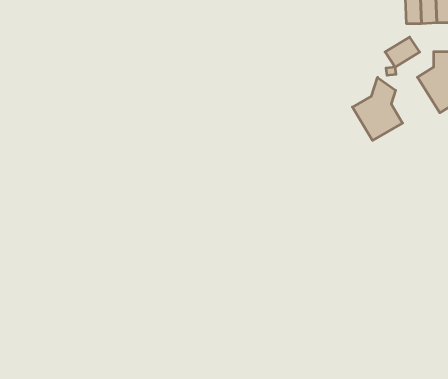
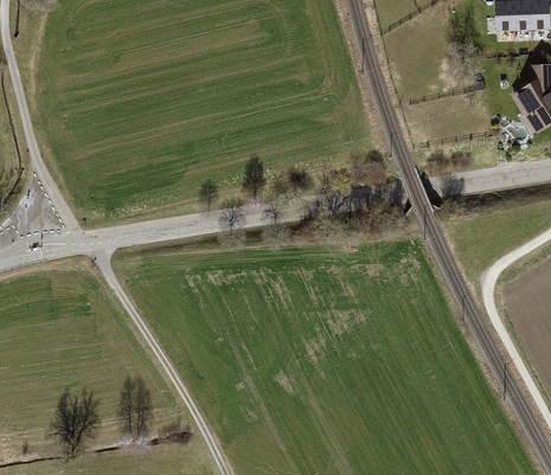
building: [385,37,420,67] -> none
building: [352,77,403,140] -> none

